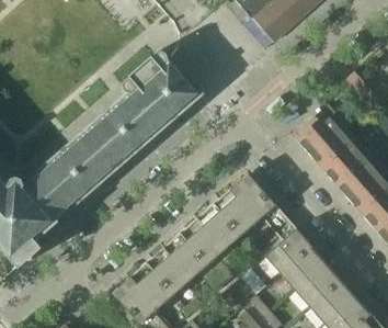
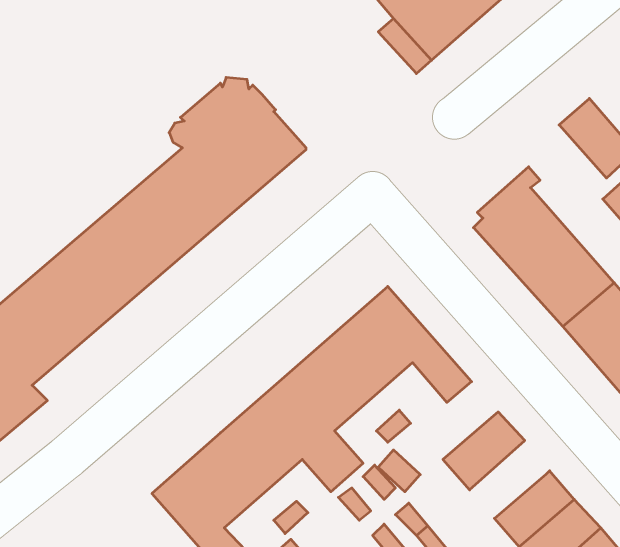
building: [265,228,312,273] -> none
building: [296,262,342,307] -> none

